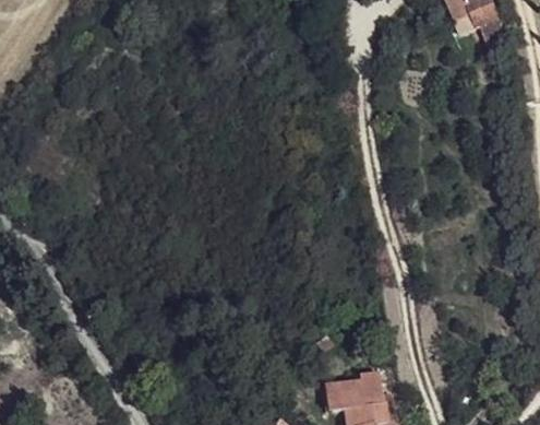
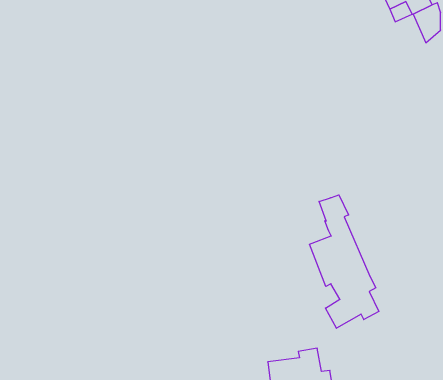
building: none -> [309,195,379,328]

